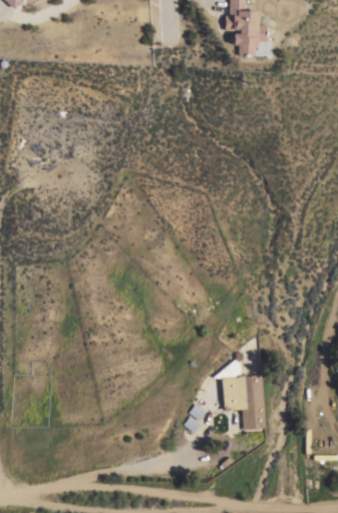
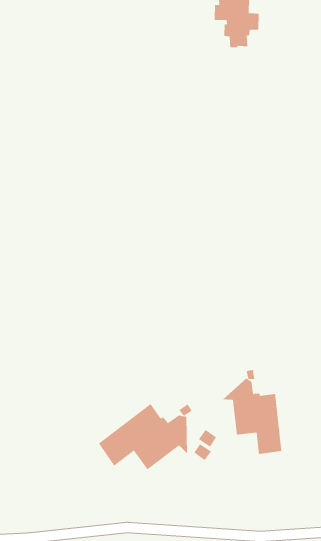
building: none -> [98,403,192,470]

